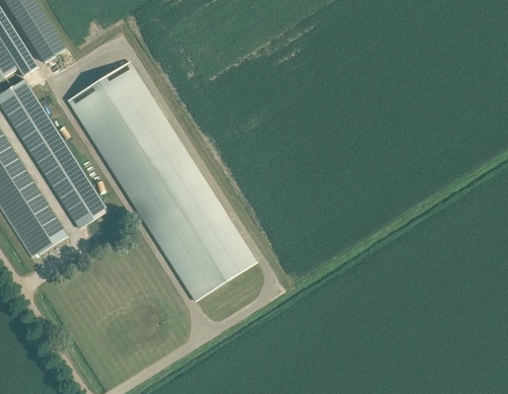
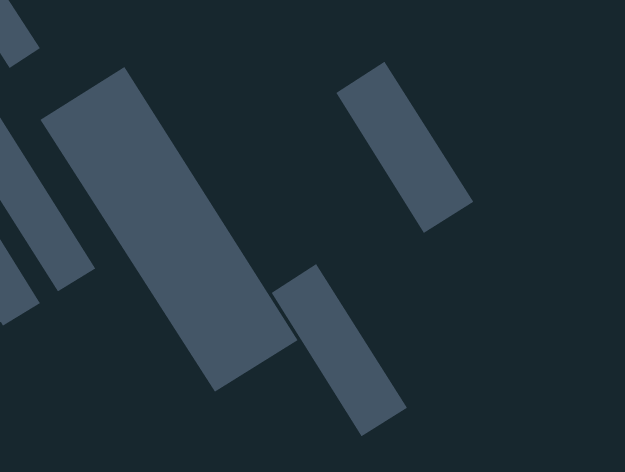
building: none -> [336,61,474,234]
building: none -> [271,263,408,437]

